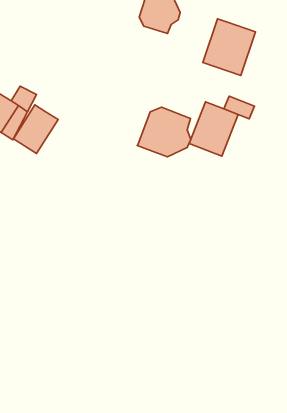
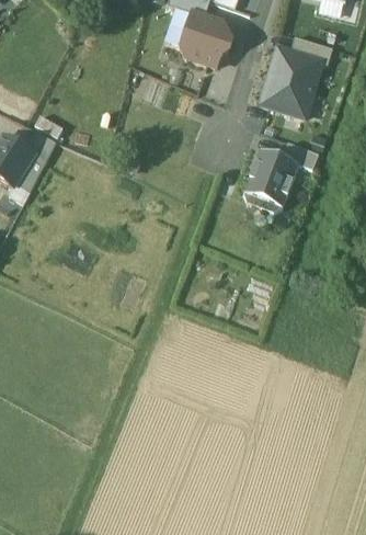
building: none -> [285,35,332,65]
building: [13,105,58,154] -> none
building: [137,107,191,157] -> none

